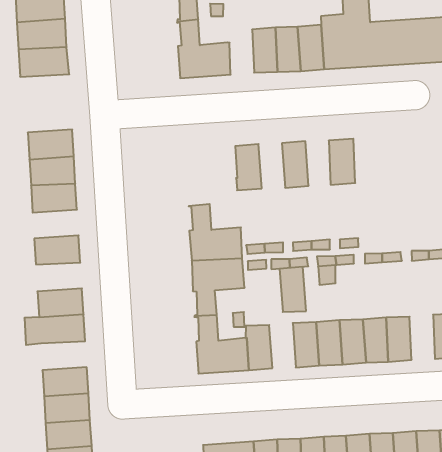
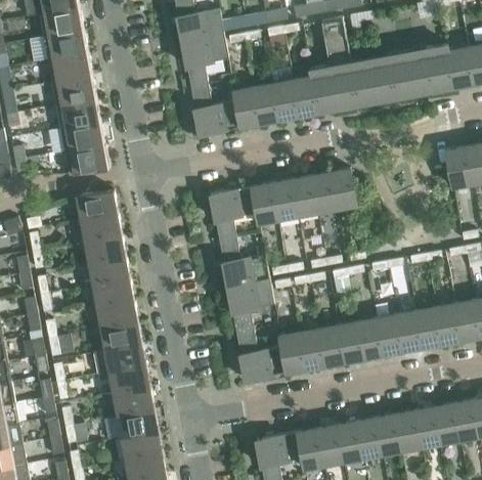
building: none -> [232,88,259,128]
building: none -> [63,144,108,176]
building: none -> [309,173,335,213]
building: none -> [270,180,297,220]
building: none -> [209,187,256,243]
building: none -> [88,257,129,286]
building: none -> [96,301,137,330]
building: [280,267,306,312] -> [298,330,324,369]
building: none -> [414,308,440,348]
building: none -> [108,366,149,395]

